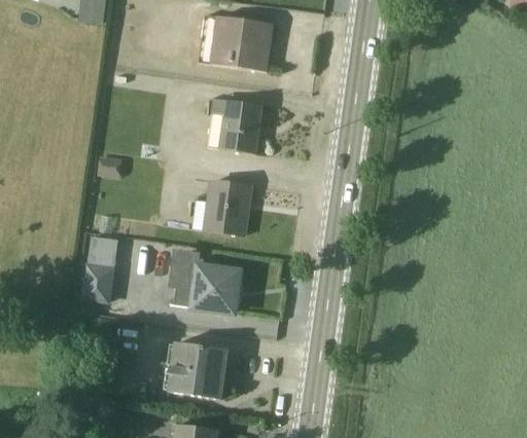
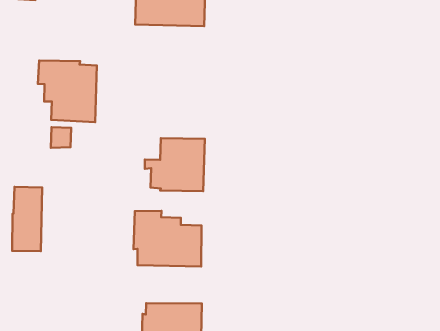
building: none -> [38,60,97,122]
building: [208,97,262,153] -> none
building: [80,234,118,302] -> [12,187,42,251]

